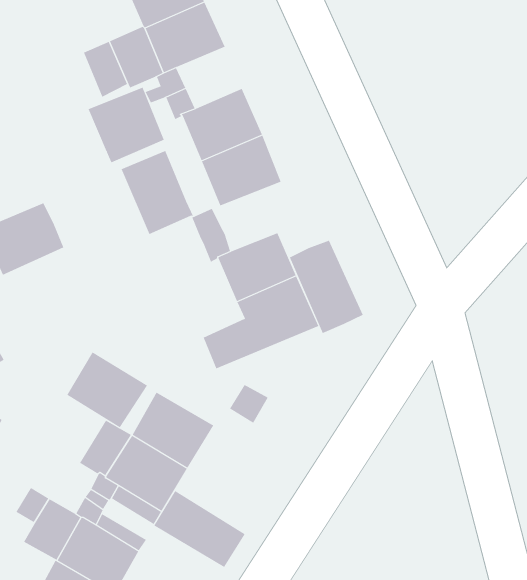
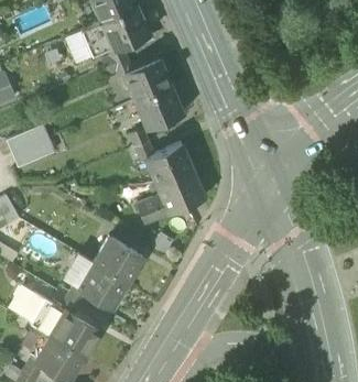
building: [88,87,165,163] -> none
building: [121,150,194,235] -> none
building: [289,240,364,334] -> none
building: [67,352,148,428] -> none
building: [154,490,246,568] -> none

